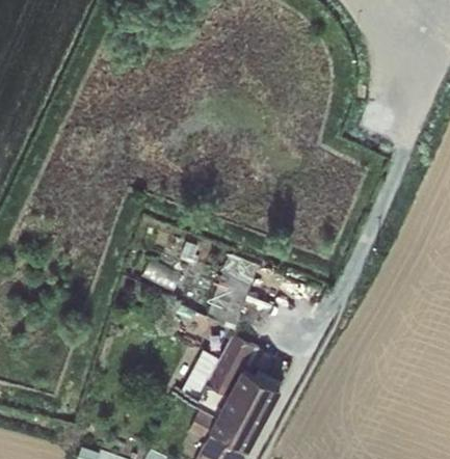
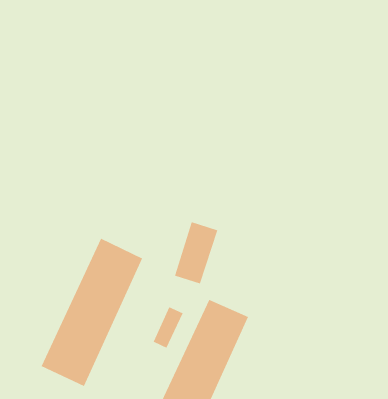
building: none -> [41,238,143,387]

